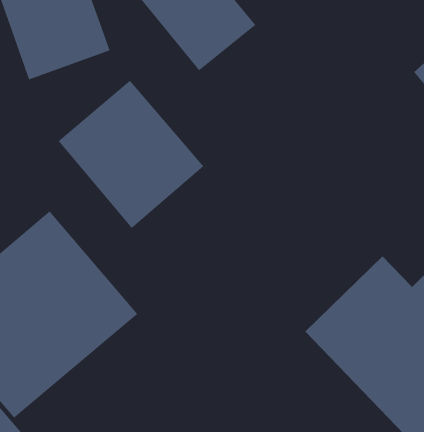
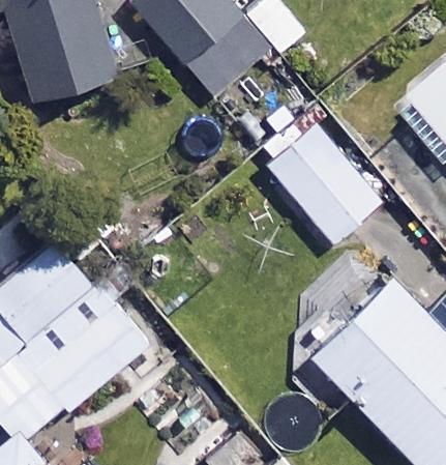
building: [58,80,204,229] -> none
building: none -> [258,110,384,242]

